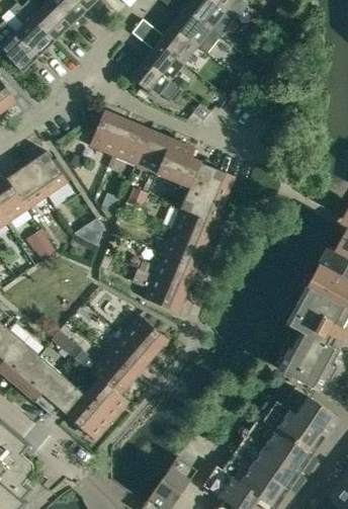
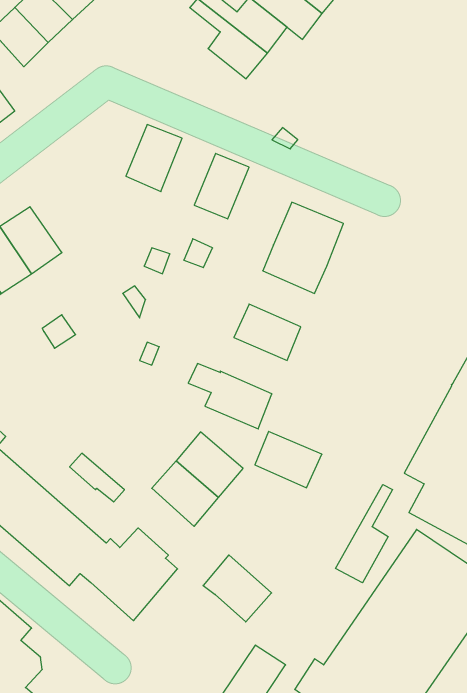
building: [129,60,184,103] -> none
building: [112,119,149,164] -> none
building: [157,139,199,190] -> none
building: [25,151,67,195] -> none
building: [171,207,214,245] -> none
building: [152,252,196,289] -> [255,431,322,488]
building: none -> [336,485,393,583]
building: [89,352,135,397] -> [203,555,272,622]

